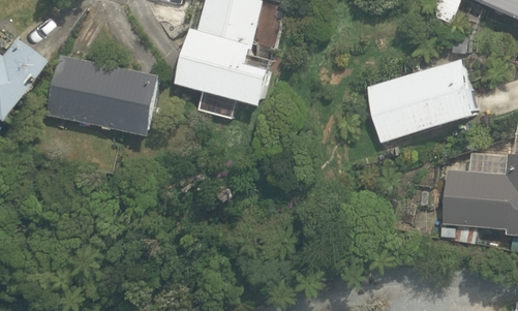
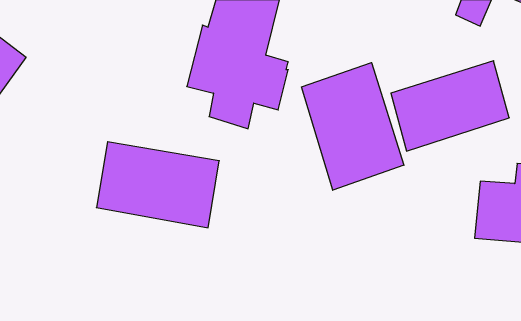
building: [49,55,162,134] -> [96,142,219,228]
building: none -> [302,63,404,190]

